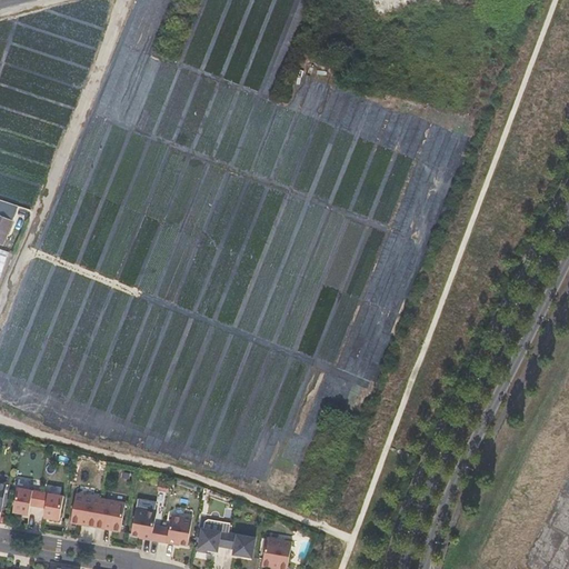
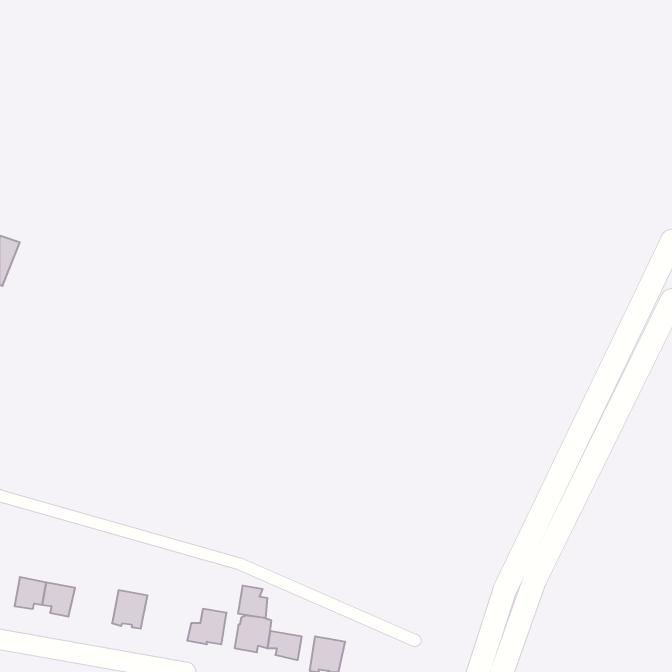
building: [70,493,100,526] -> none
building: none -> [238,585,267,618]
building: [130,507,161,540] -> none

